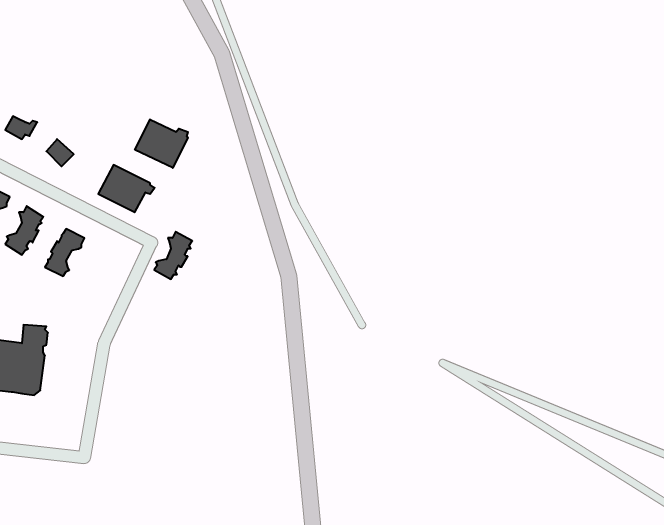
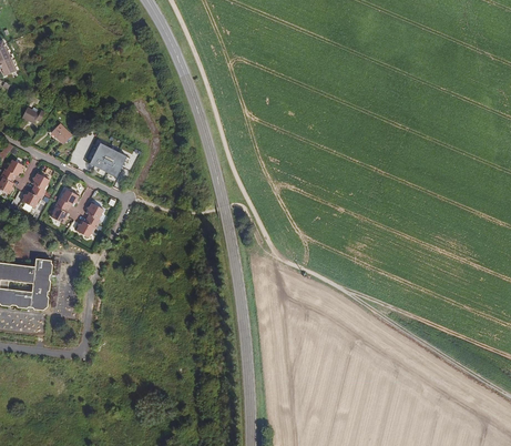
building: [135,119,188,168] -> none
building: [154,232,192,279] -> [75,202,103,236]

